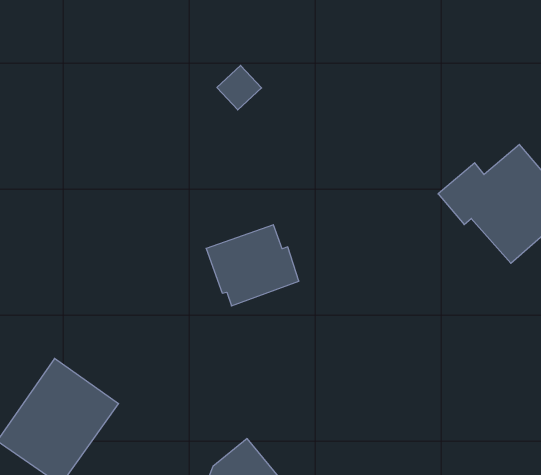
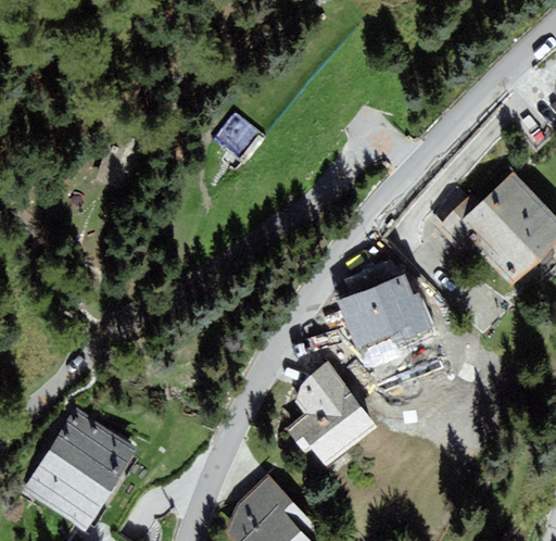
building: [206,225,299,306] -> [339,274,431,355]
building: none -> [285,363,378,469]

